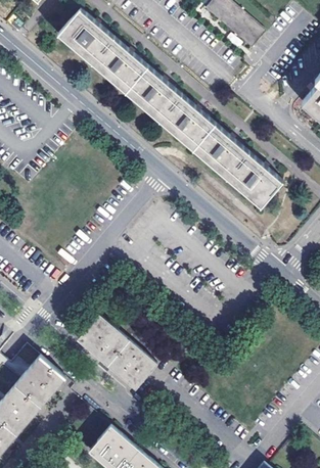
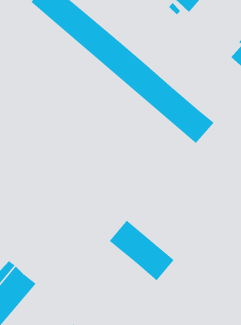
building: [77,315,156,389] -> [109,220,174,281]

